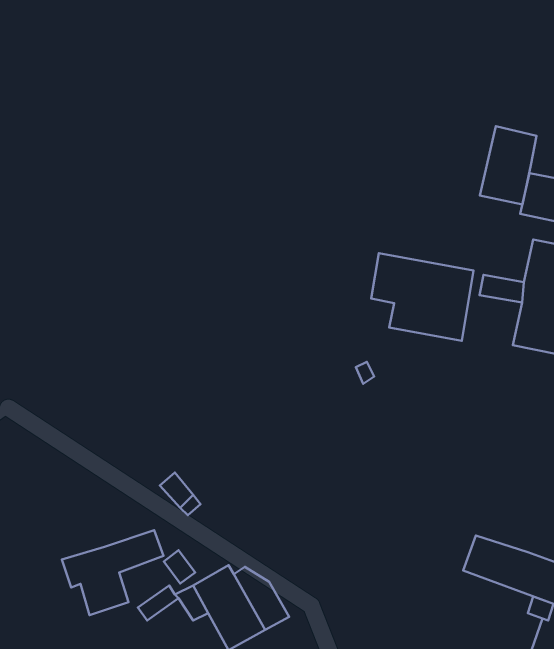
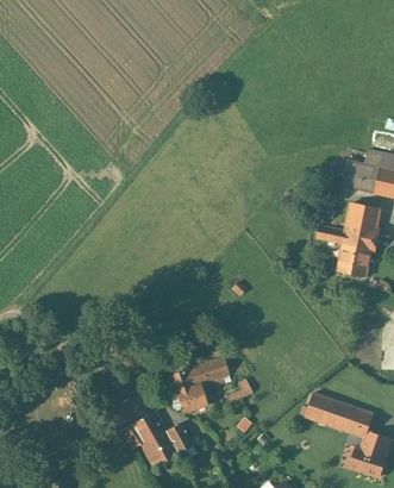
building: [480,126,537,205] -> none
building: [371,253,474,341] -> none
building: [62,530,164,615] -> [163,357,229,412]

